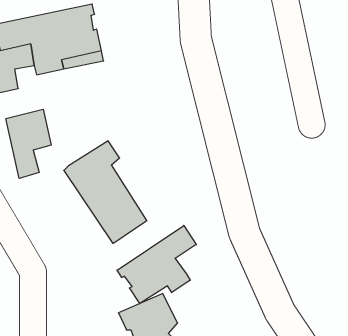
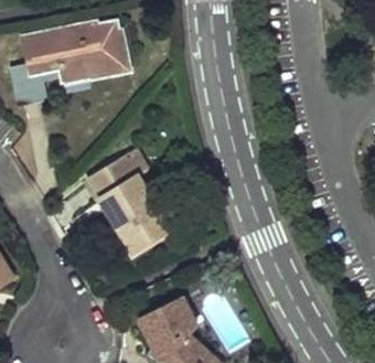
building: [6,109,51,178] -> none
building: [117,225,196,304] -> none

